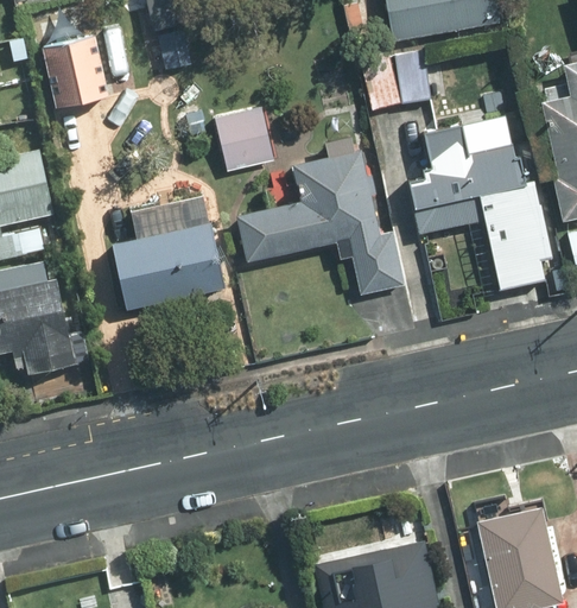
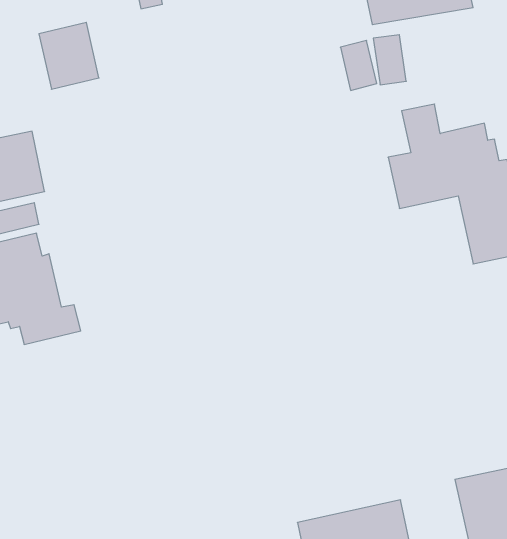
building: [214,109,272,170] -> none
building: [237,139,401,293] -> none
building: [114,197,223,308] -> none

